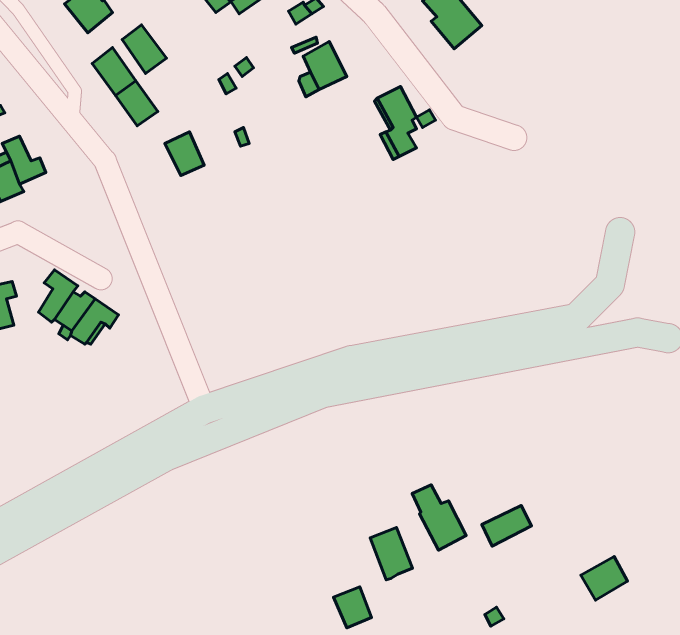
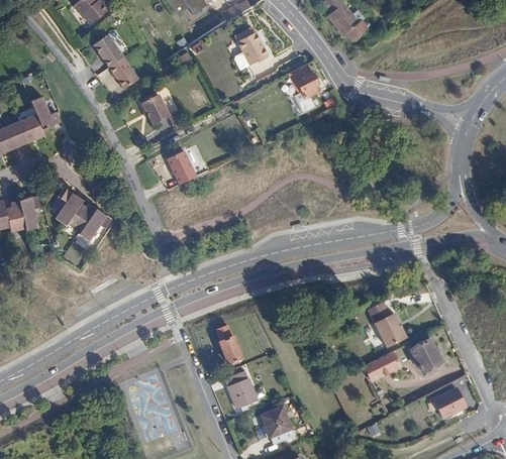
building: [122,25,167,73] -> none
building: none -> [169,148,199,183]
building: none -> [216,326,242,363]
building: [412,485,466,550] -> [369,304,406,349]
building: none -> [410,341,440,373]
building: [370,528,412,580] -> [225,372,255,409]

